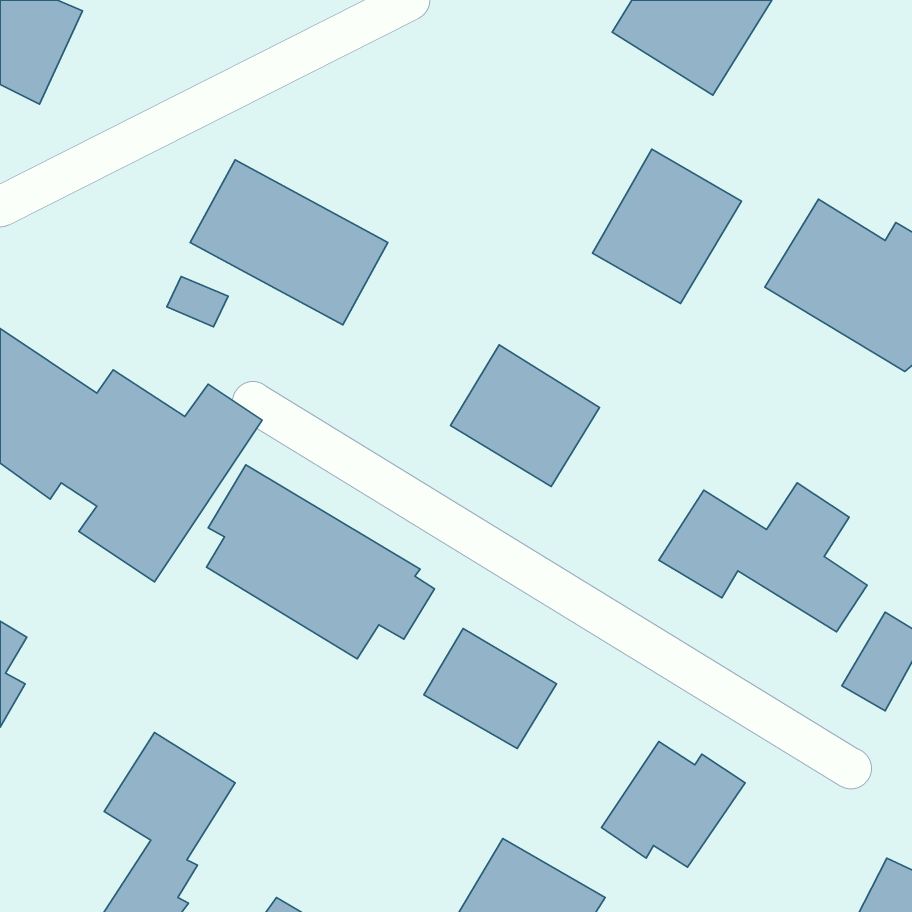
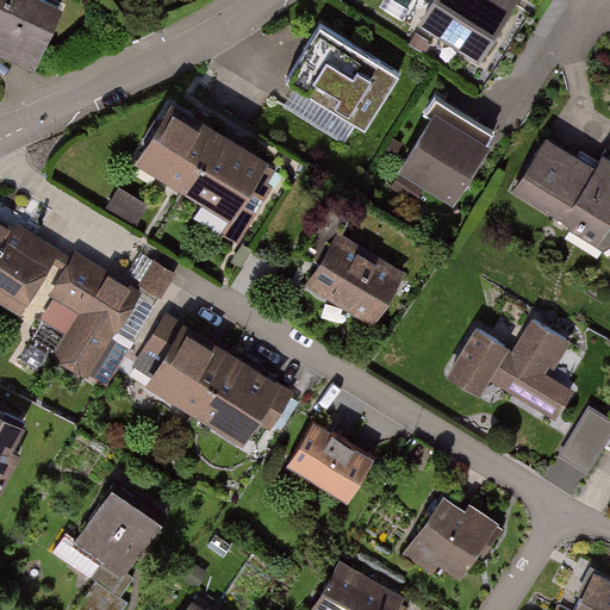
building: none -> [278,25,399,136]

